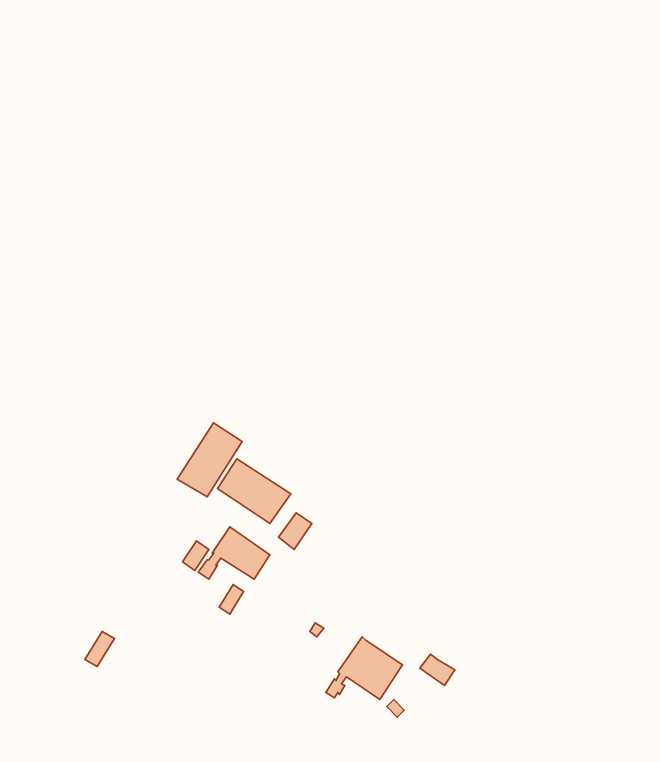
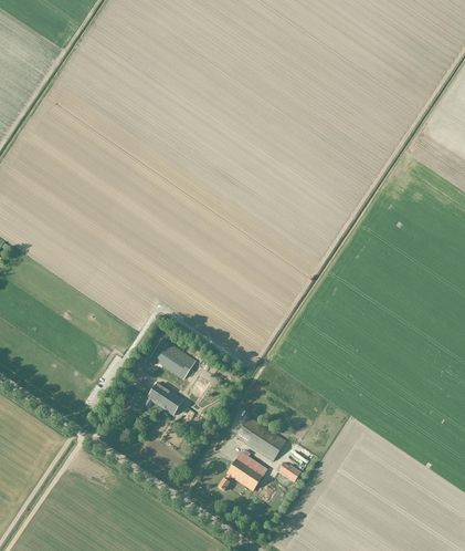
building: [177,423,242,497] -> none
building: none -> [235,416,286,461]

